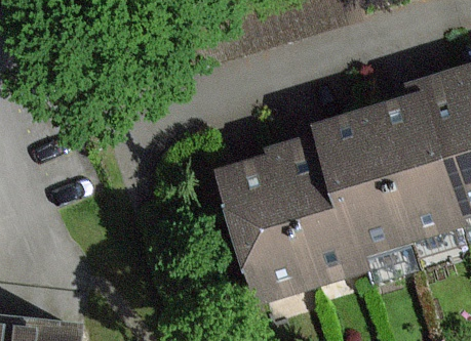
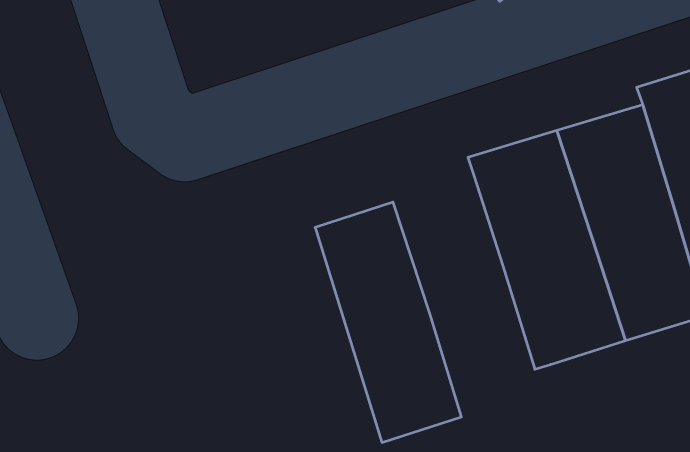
building: [263,137,368,292] -> none

